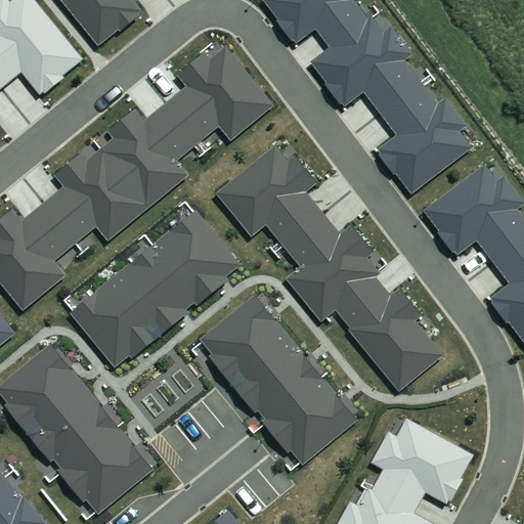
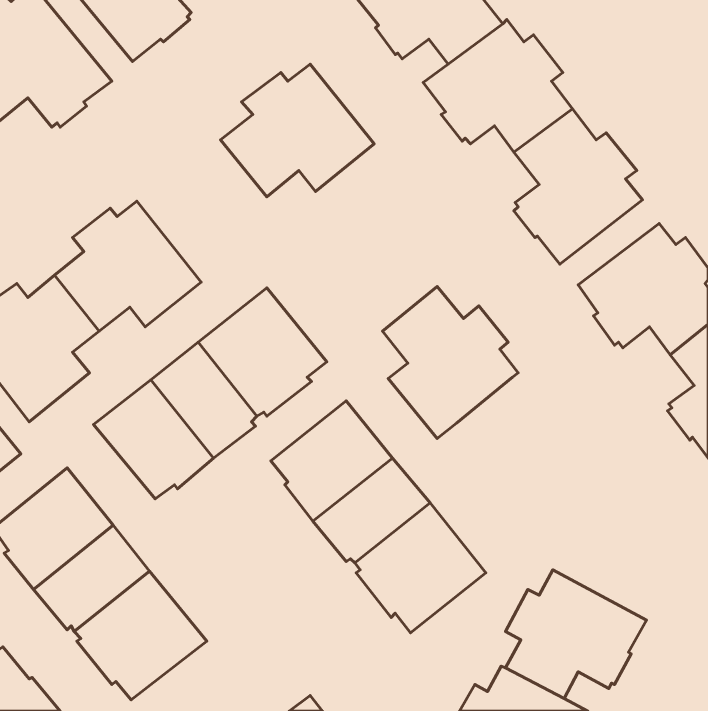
building: [100,102,195,207] -> none
building: [216,144,320,243] -> none
building: [335,276,442,391] -> none

